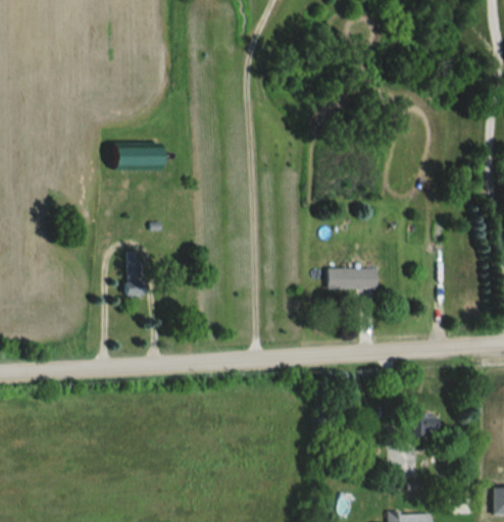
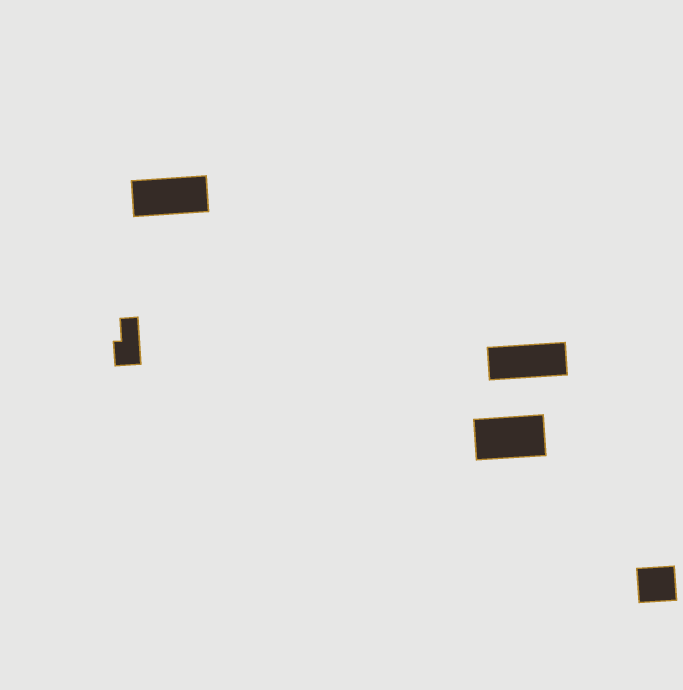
building: [125,268,142,298] -> [113,317,141,366]
building: none -> [474,415,546,460]

